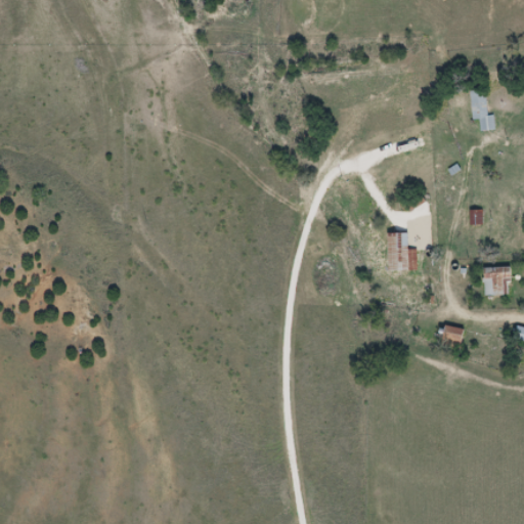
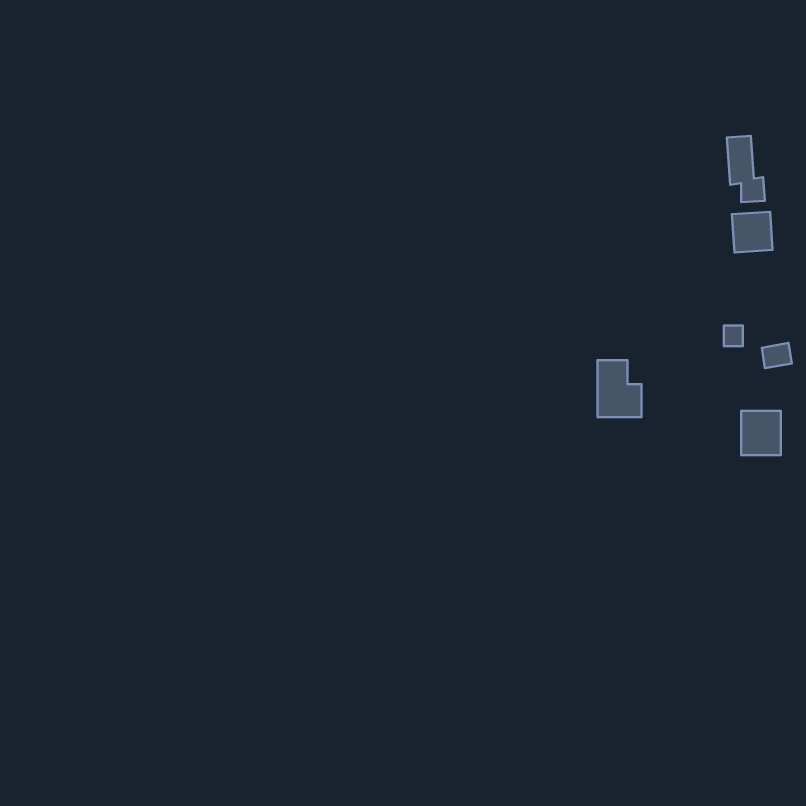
building: none -> [732,212,773,252]
building: [440,325,463,348] -> none

